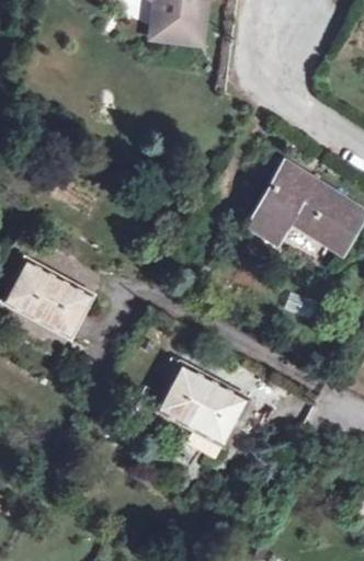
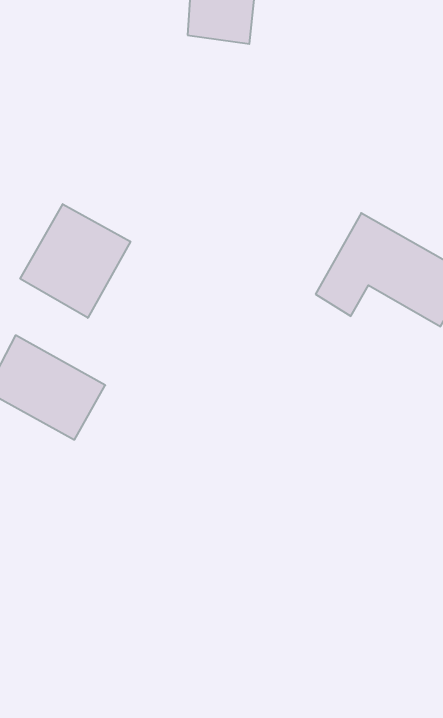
building: none -> [20,204,130,318]
building: [156,363,248,446] -> none

